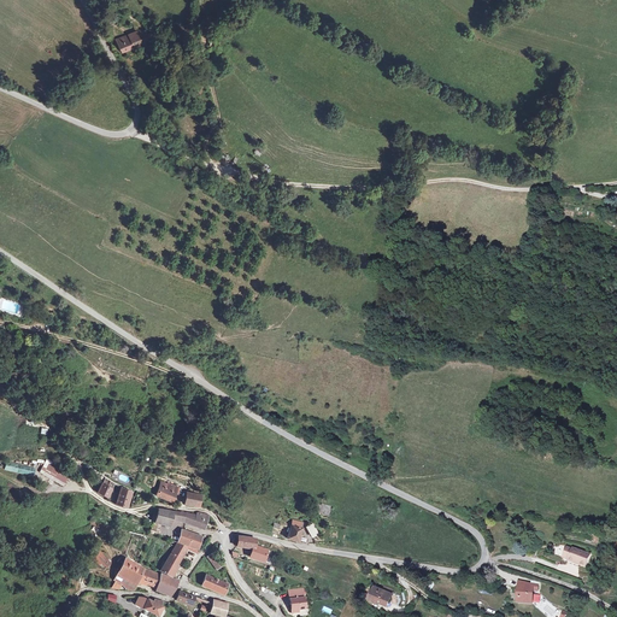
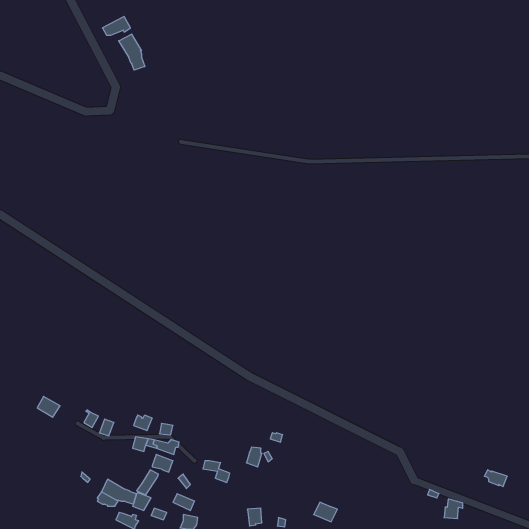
building: none -> [119,34,145,70]

